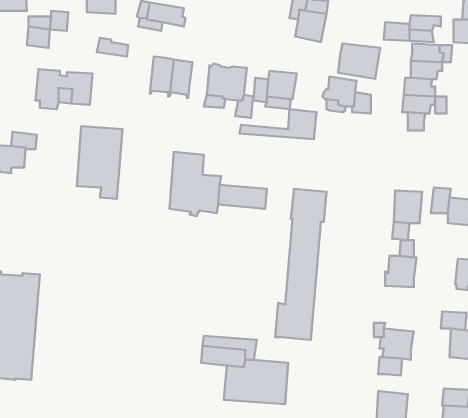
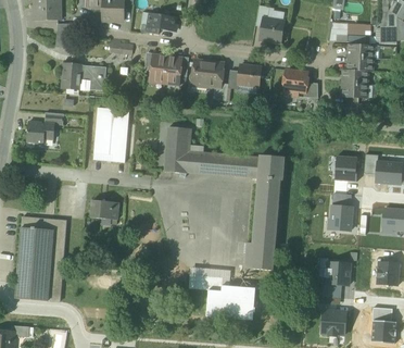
building: [338,43,380,79] -> none
building: [240,109,317,139] -> [201,154,260,177]
building: none -> [91,199,118,219]

